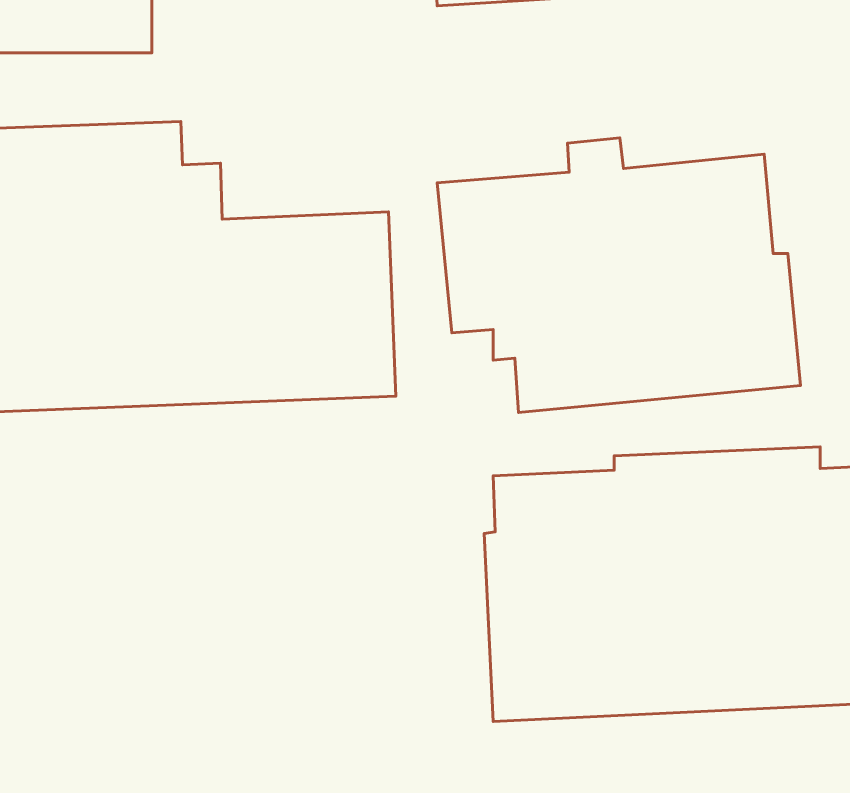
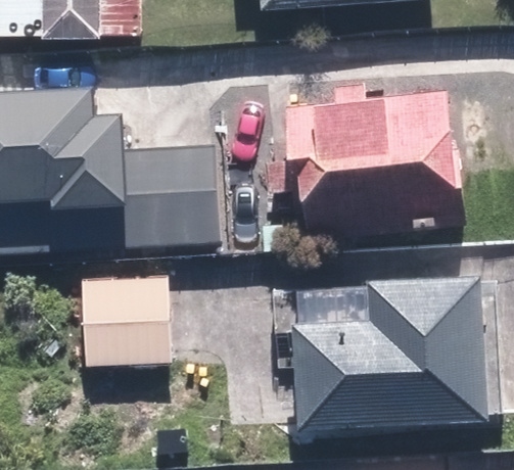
building: none -> [82,273,173,366]

